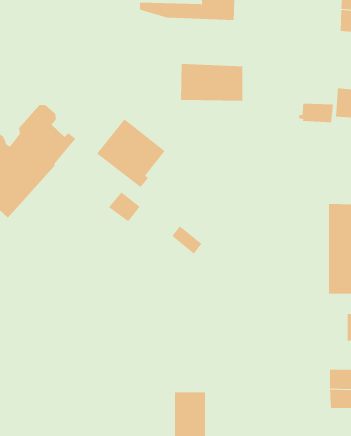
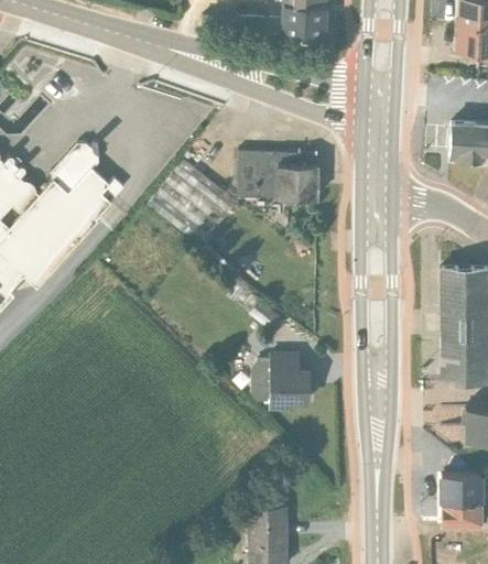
building: [180,63,243,101] -> [238,151,317,198]
building: [298,103,333,123] -> none
building: [108,191,141,222] -> none
building: none -> [250,351,310,410]

